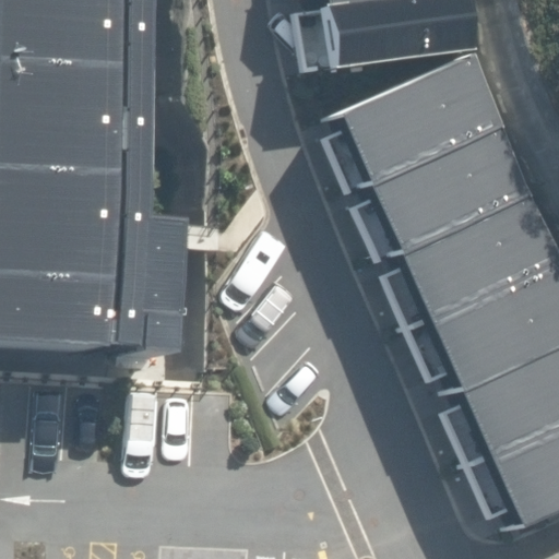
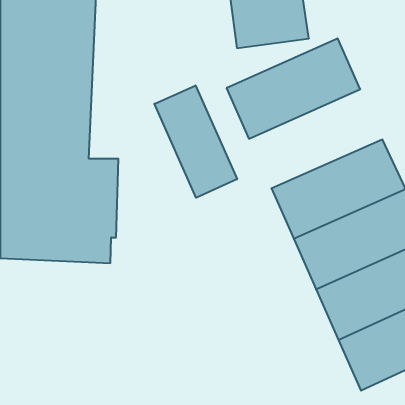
building: none -> [154,85,237,198]
building: [345,121,527,257] -> none

